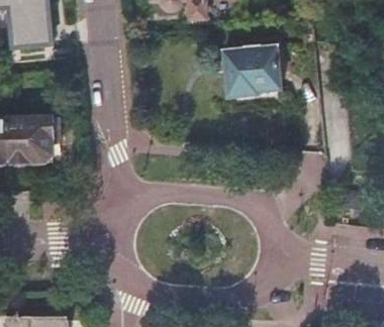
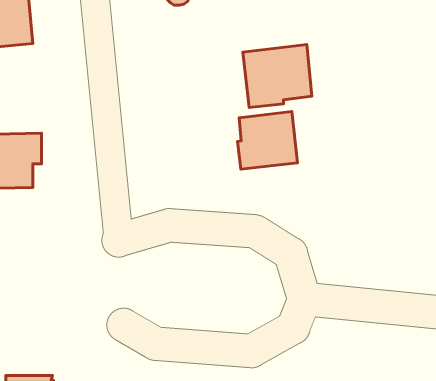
building: none -> [237,111,297,169]

